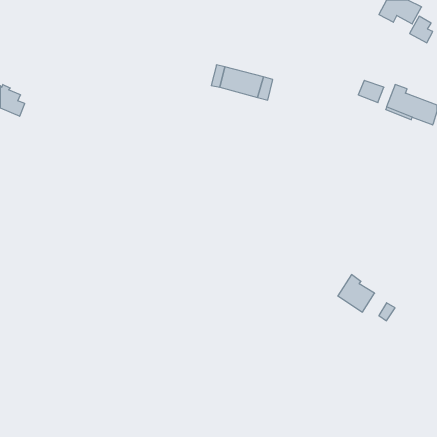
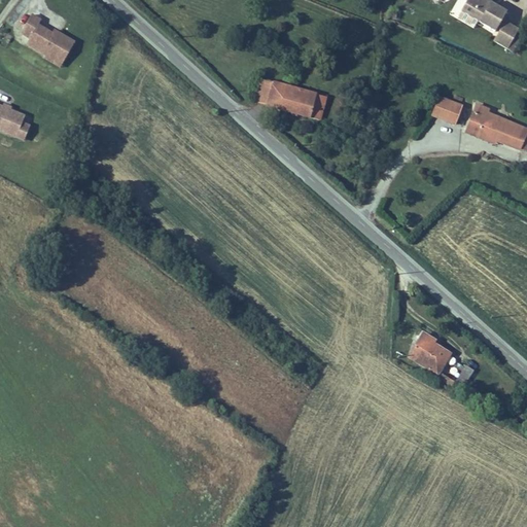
building: none -> [19,12,75,67]

